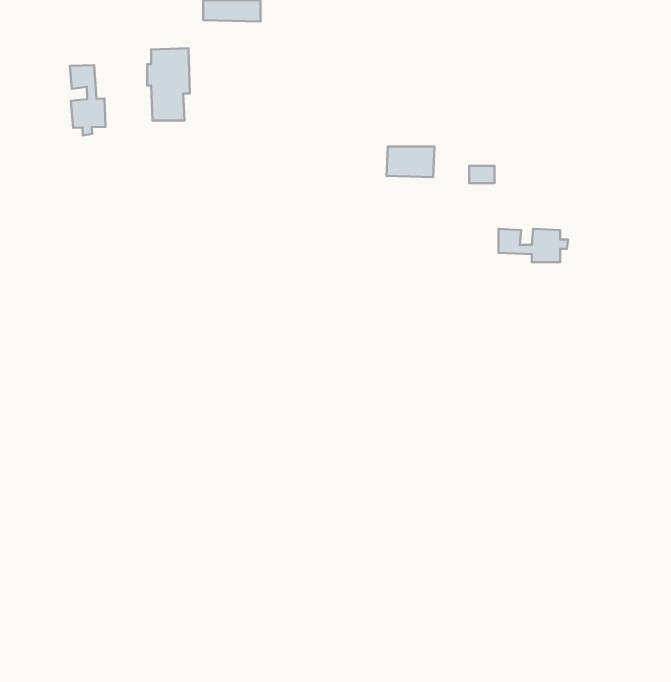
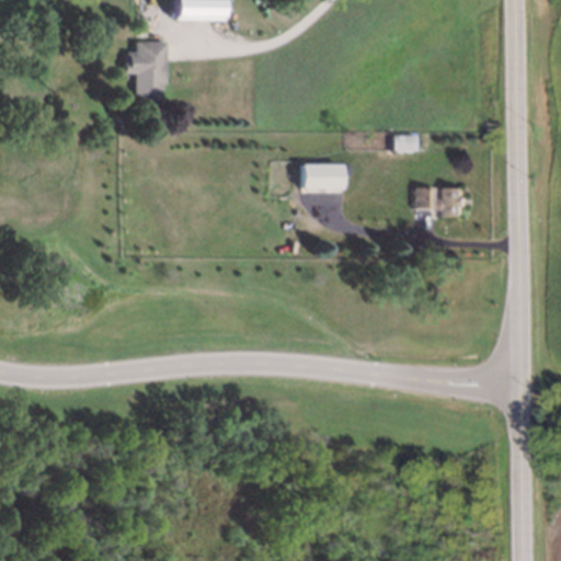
building: [70,65,105,135] -> none
building: [386,146,434,177] -> [307,160,346,185]

